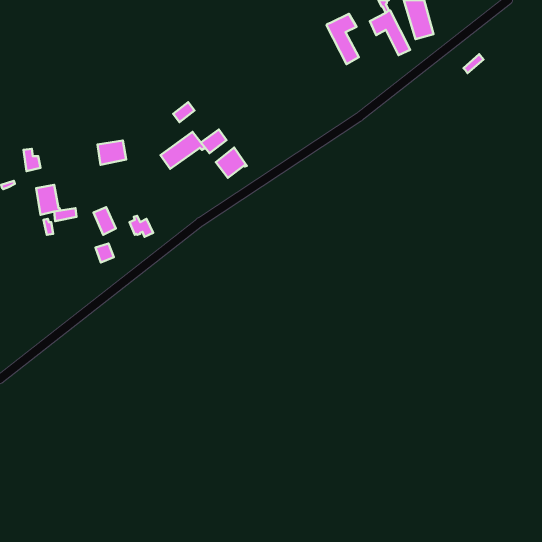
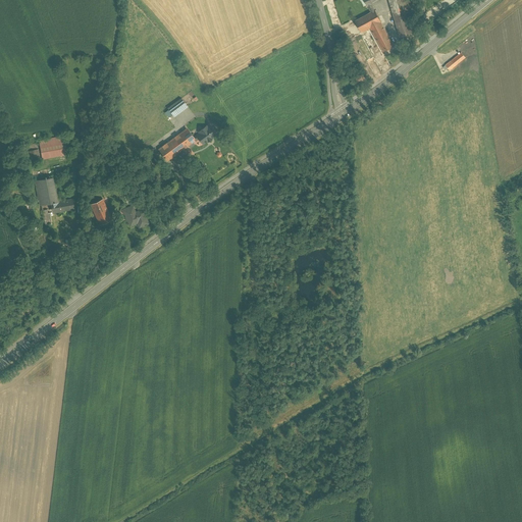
building: [327,14,359,64] -> none
building: [97,140,126,165] -> [39,137,66,160]
building: [216,148,247,178] -> none

